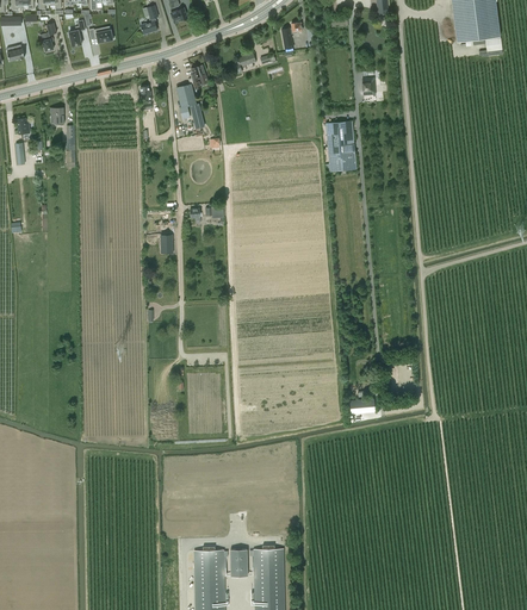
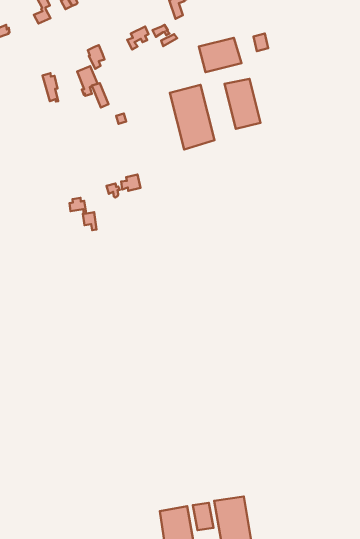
building: none -> [199,38,241,72]
building: none -> [170,85,214,149]

